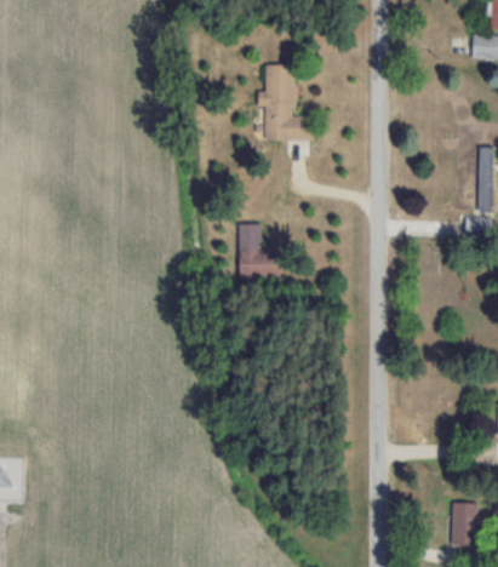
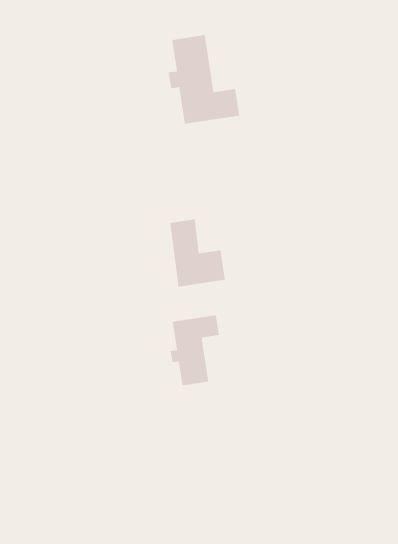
building: none -> [170,315,219,386]

